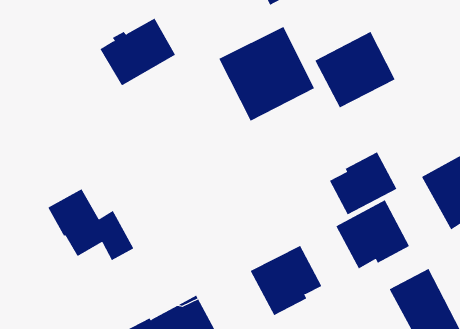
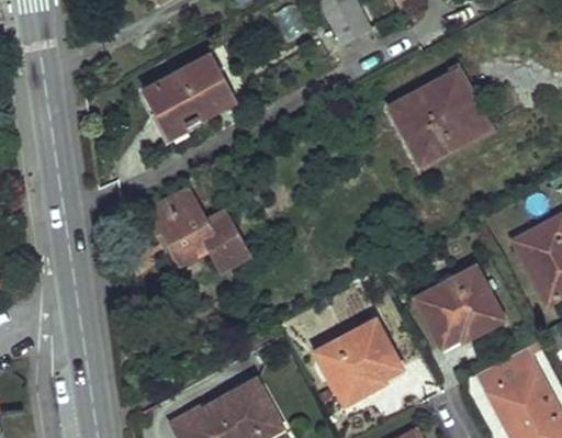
building: [218,26,315,122] -> none
building: [329,151,397,215] -> none
building: [48,188,134,261] -> [147,188,247,271]

